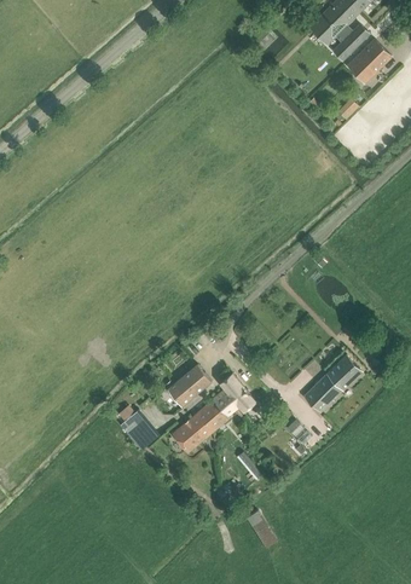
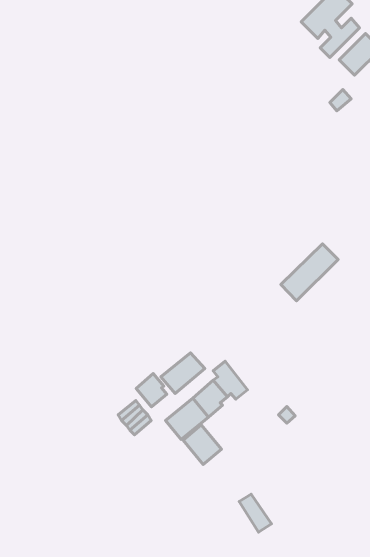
building: [303,355,361,414] -> [281,244,338,301]
building: none -> [136,374,167,407]
building: none -> [183,425,221,464]

